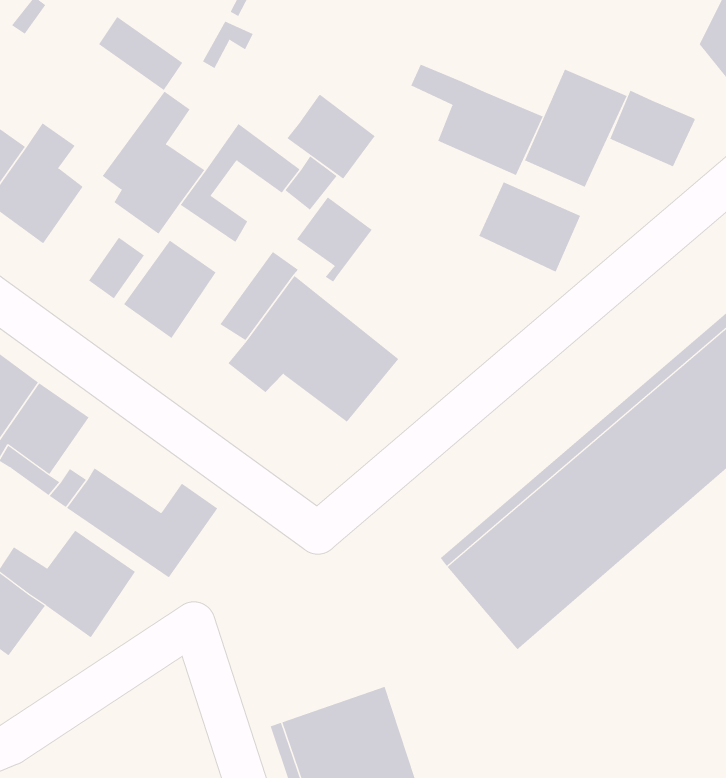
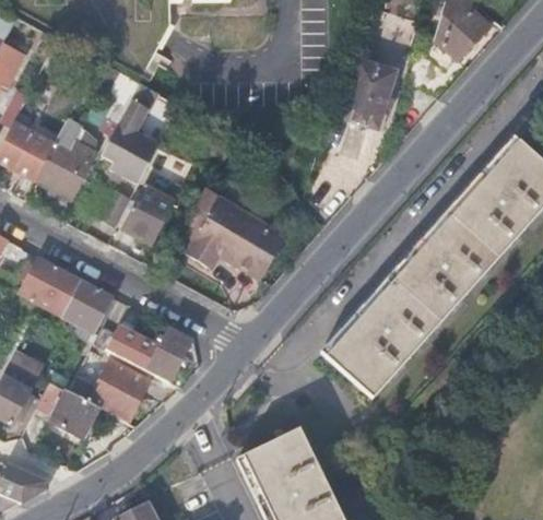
building: [410,64,544,176] -> none
building: [609,90,696,167] -> none
building: [287,94,375,179] -> none
building: [479,182,581,273] -> none
building: [296,197,372,282] -> none

